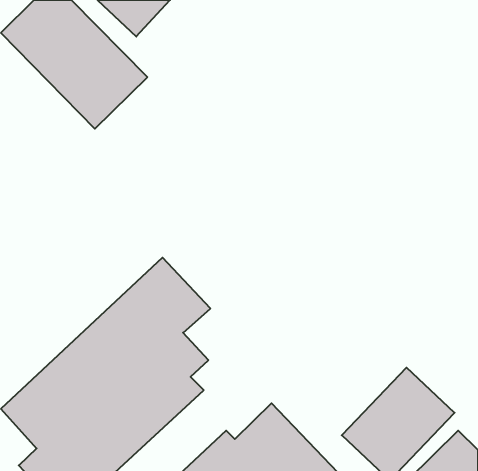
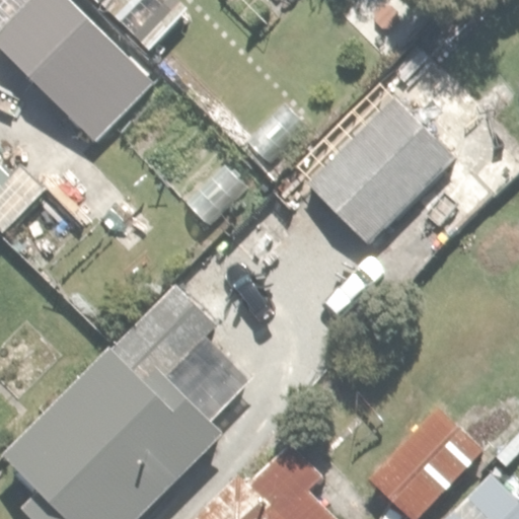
building: none -> [307,94,453,240]

